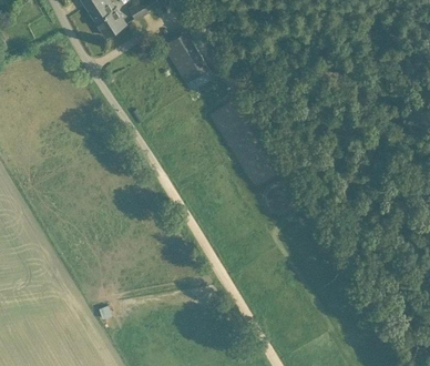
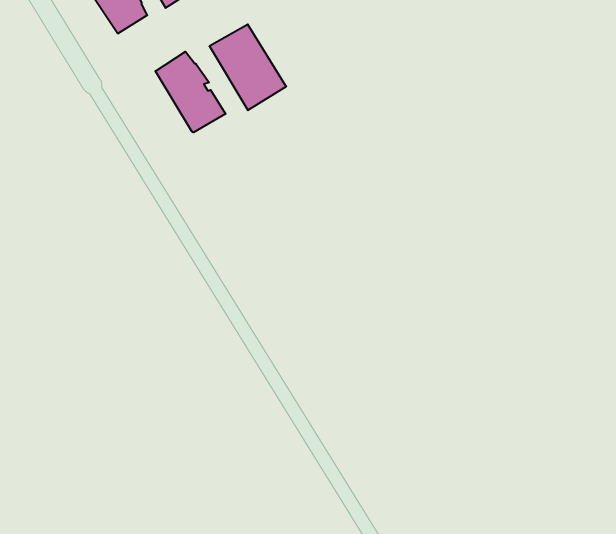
building: none -> [155,52,226,132]

